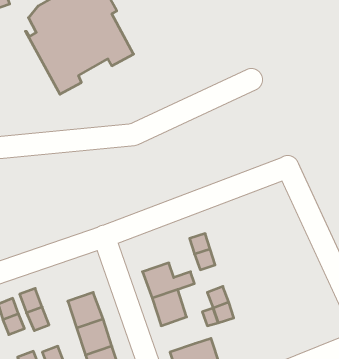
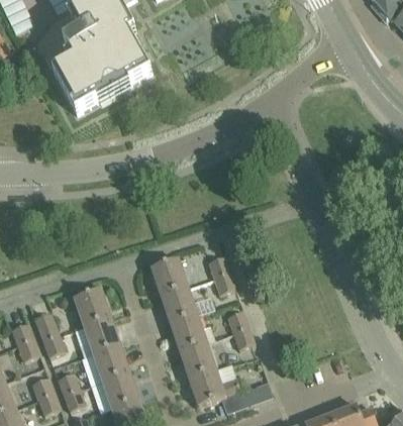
building: none -> [152,259,188,296]
building: none -> [75,290,110,326]
building: none -> [180,342,215,379]

